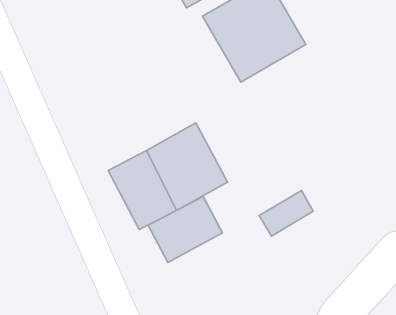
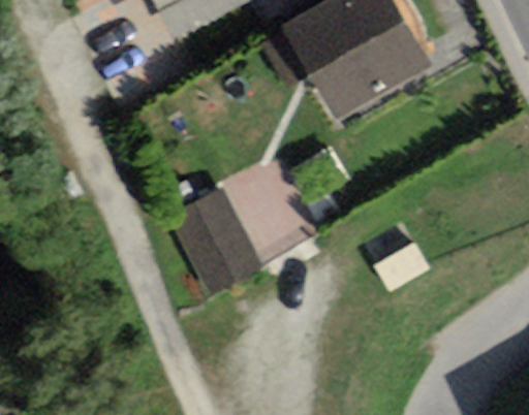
building: [148,197,222,263] -> none

